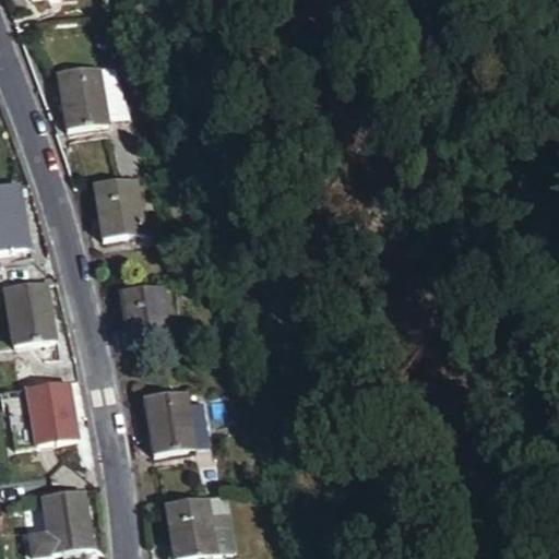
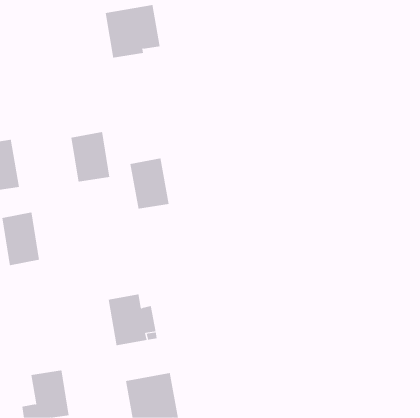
building: [58,60,131,131] -> [105,4,160,58]
building: [120,281,173,348] -> [130,158,169,209]
building: [24,378,75,448] -> none

